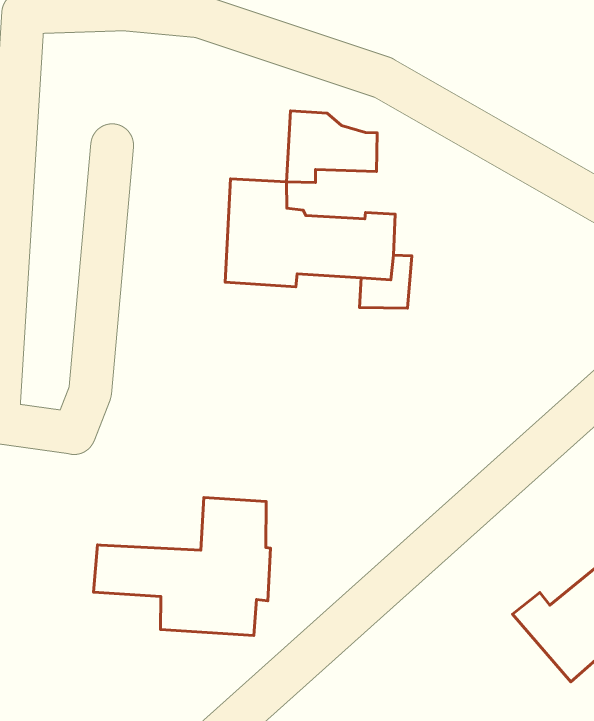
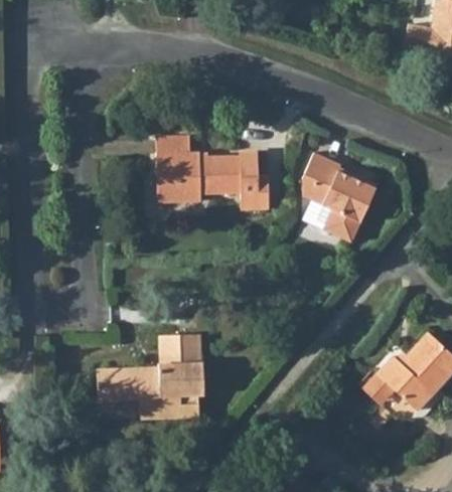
building: [286,111,377,182] -> none
building: none -> [297,156,371,248]

